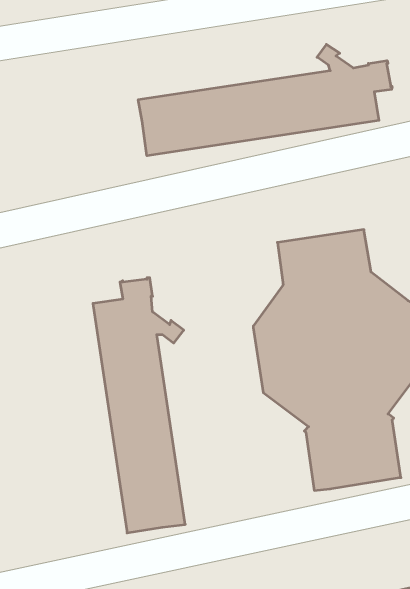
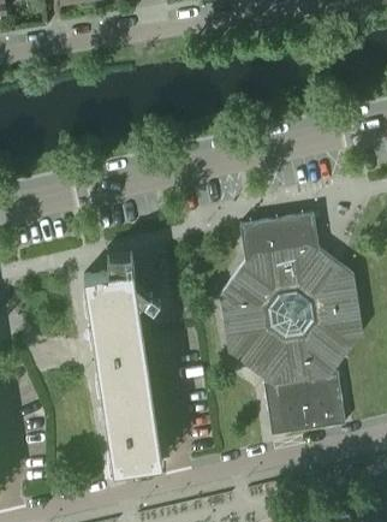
building: [138,44,392,156] -> none

